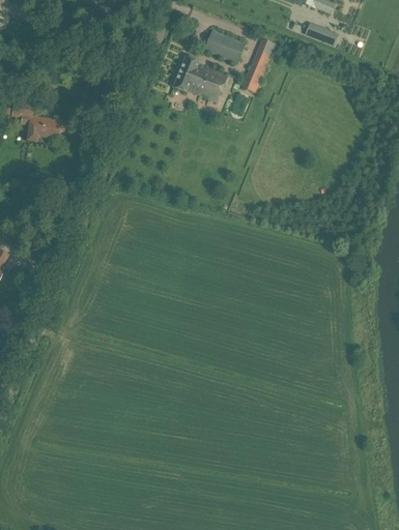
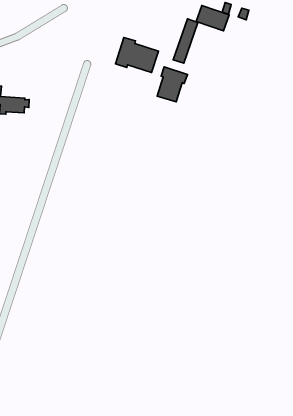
building: [204,30,245,62] -> [196,6,229,31]
building: none -> [157,67,187,102]

